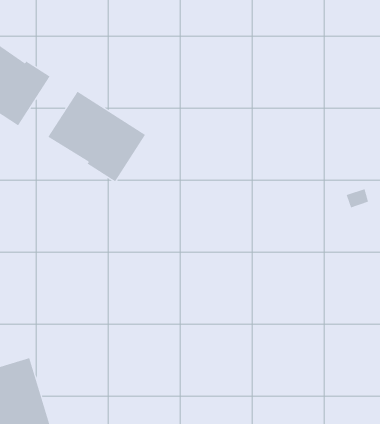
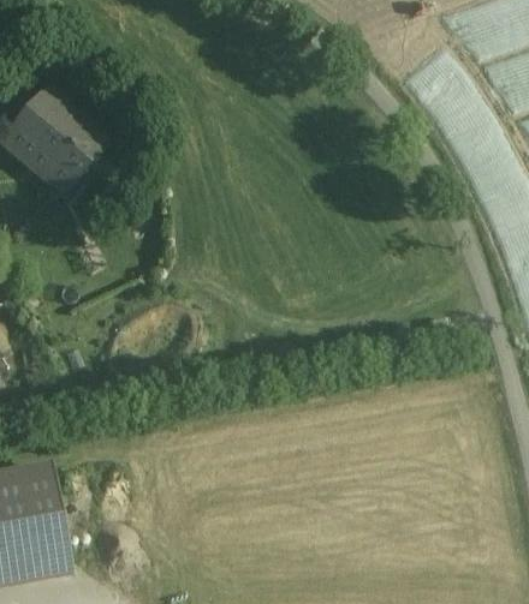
building: [47,91,146,182] -> none

